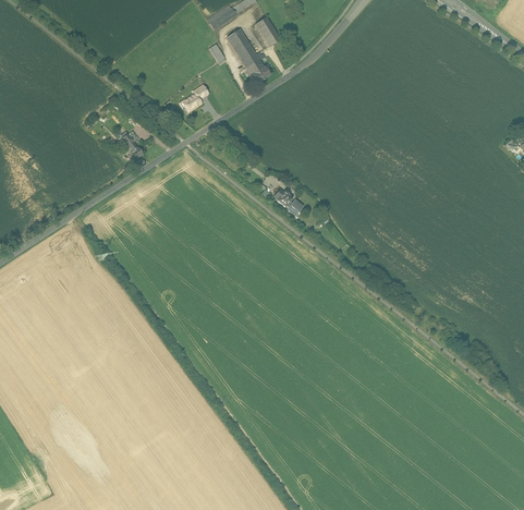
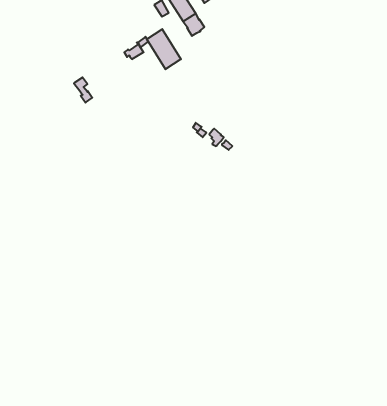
building: none -> [147,29,181,69]

